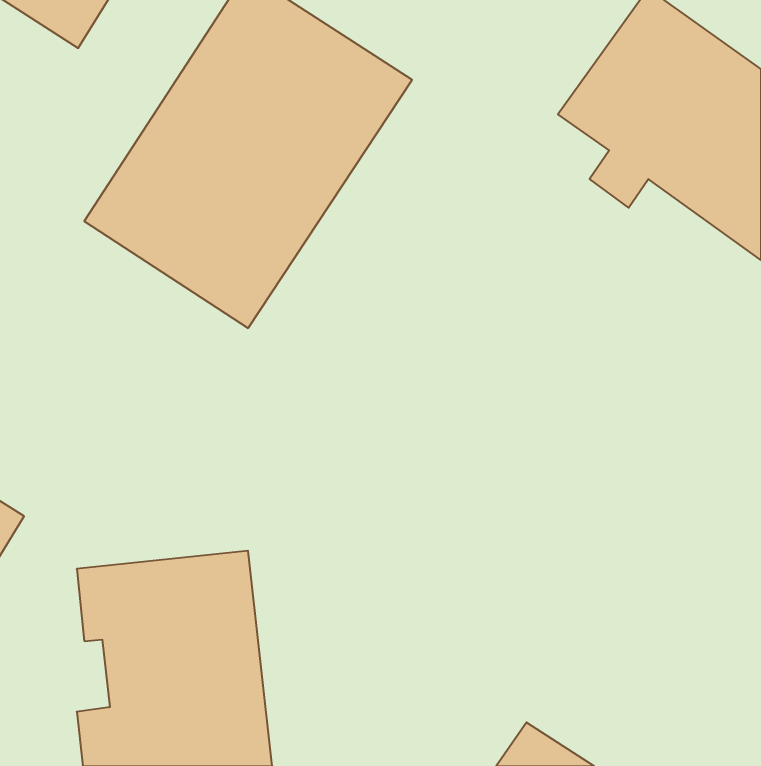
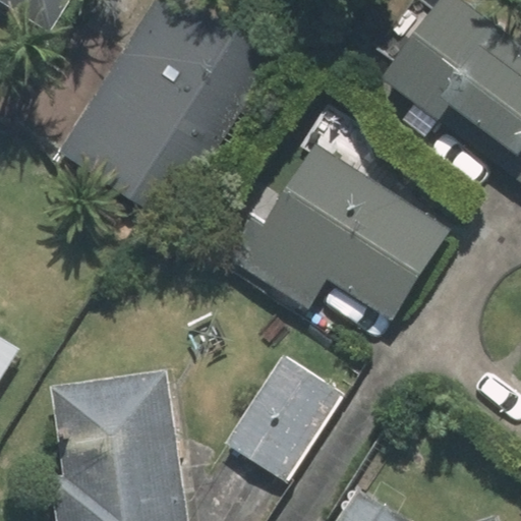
building: none -> [225,146,451,320]
building: none -> [223,354,344,484]

